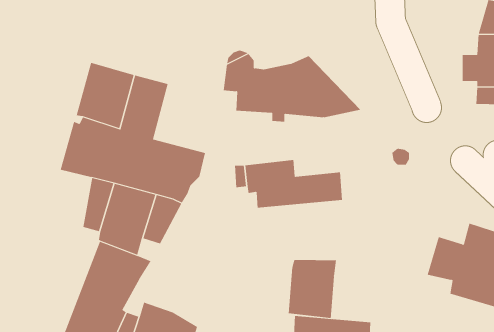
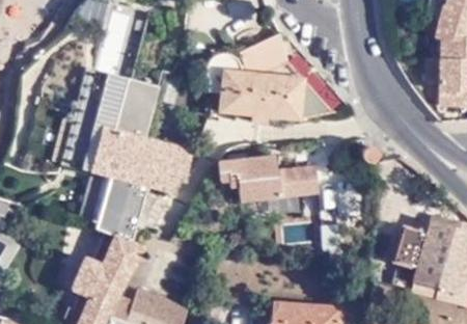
building: none -> [241,35,287,74]
building: [288,259,336,319] -> none

